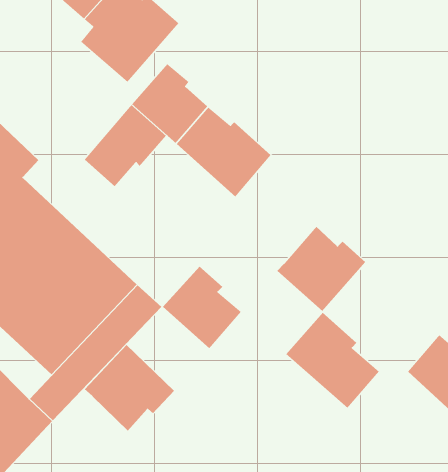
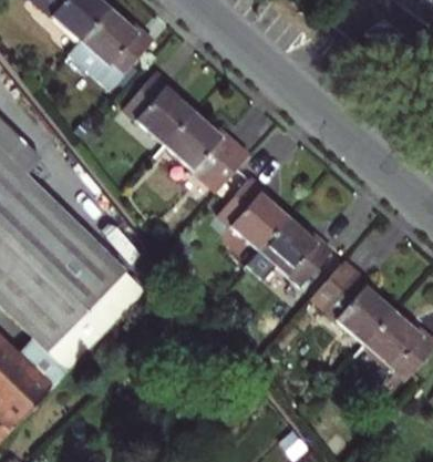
building: [84,104,167,187] -> none
building: [162,266,242,349] -> [213,174,283,248]
building: [285,312,380,409] -> [309,258,393,345]
building: [84,344,175,432] -> none

